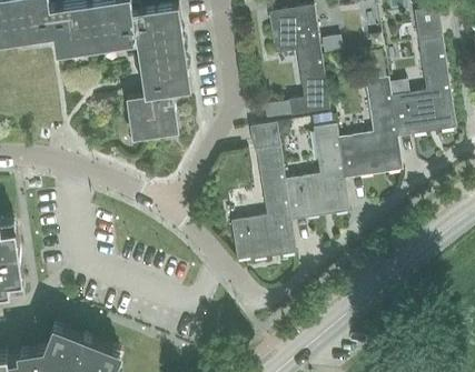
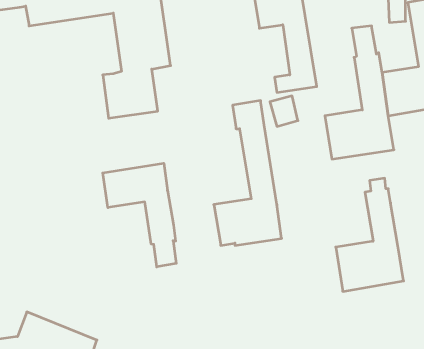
building: [285,114,349,222] -> [336,178,404,291]
building: none -> [103,163,176,267]

